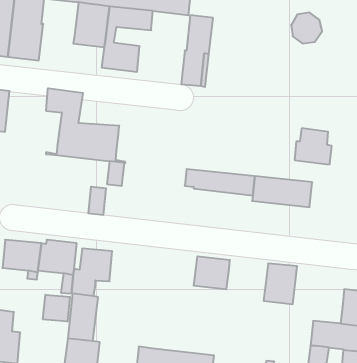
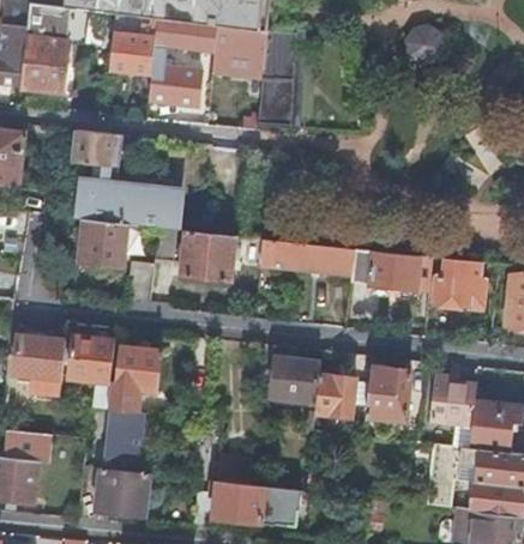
building: none -> [212,24,265,78]
building: [295,128,332,164] -> [434,258,484,307]
building: none -> [79,219,126,262]
building: none -> [181,230,235,282]
building: none -> [315,374,356,417]
building: none -> [433,375,477,425]
building: [43,295,70,322] -> none

